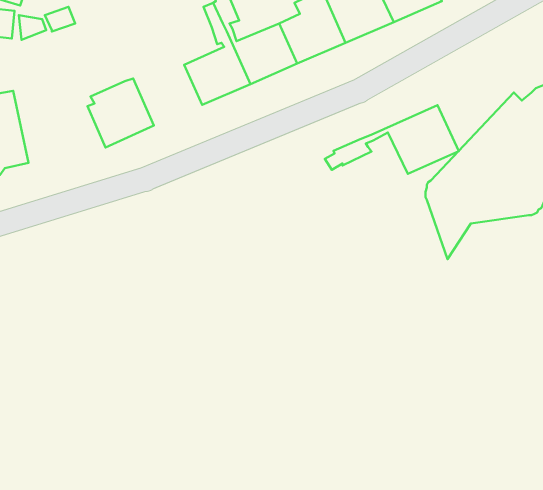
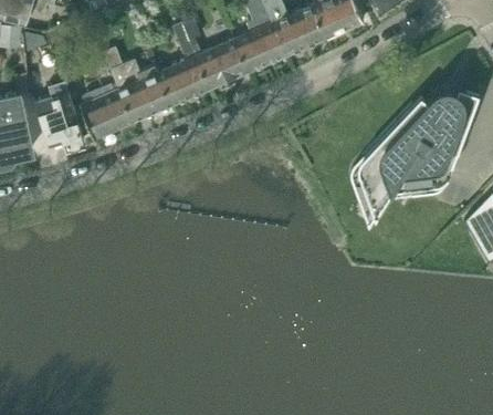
building: none -> [104,46,171,121]
building: none -> [38,84,84,149]
building: [325,105,459,174] -> none

